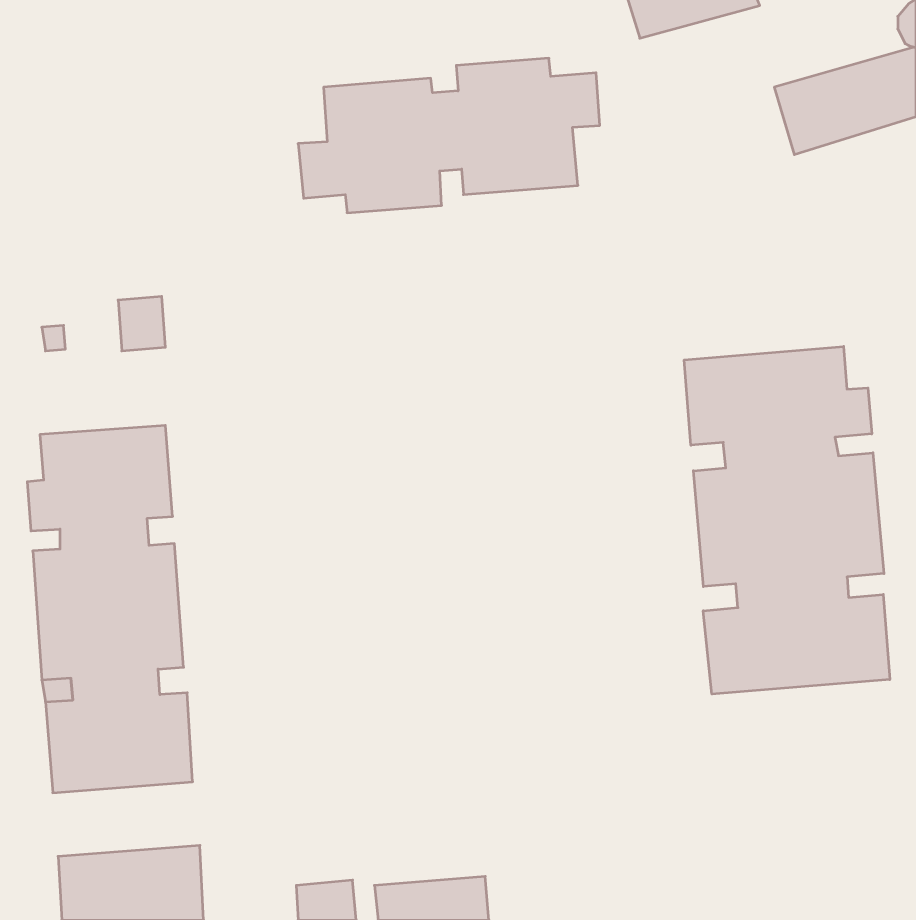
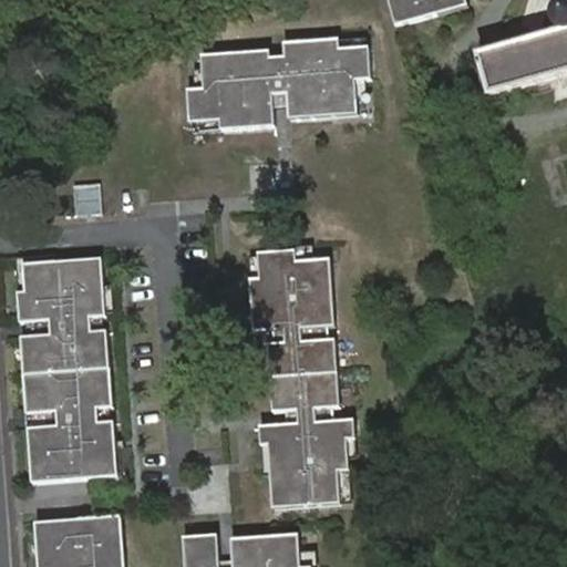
building: [684,346,890,694] -> none
building: none -> [248,247,354,506]

